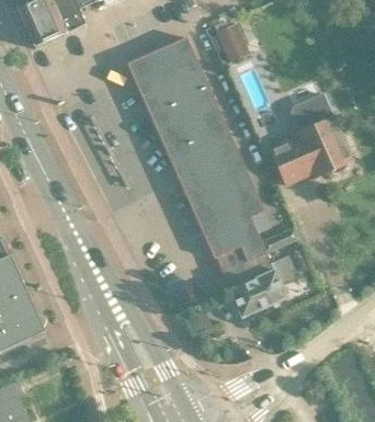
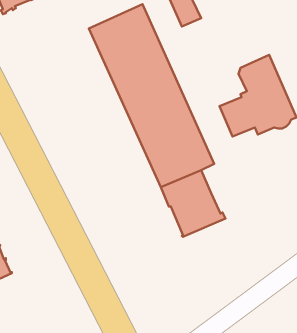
building: [230,227,298,316] -> none

